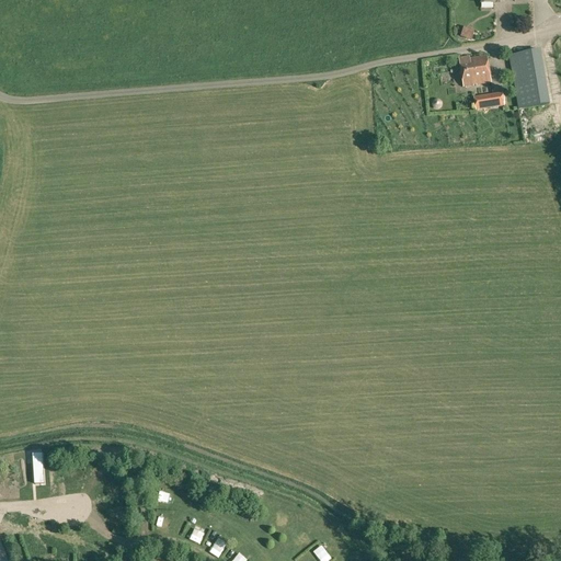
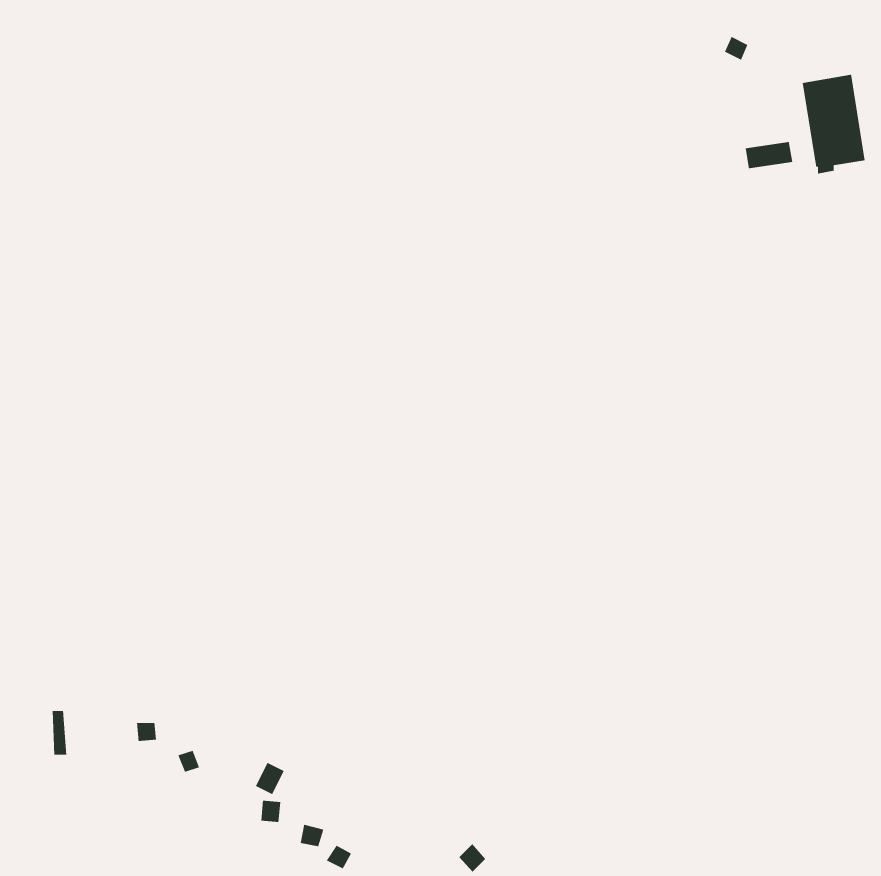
building: [459,53,491,84] -> none

